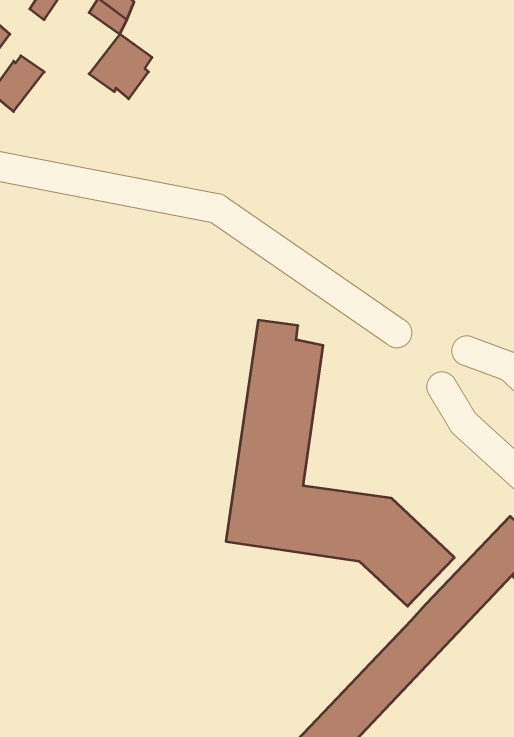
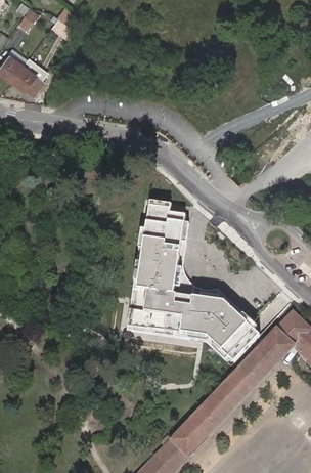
building: [89,34,152,99] -> [9,57,45,94]

